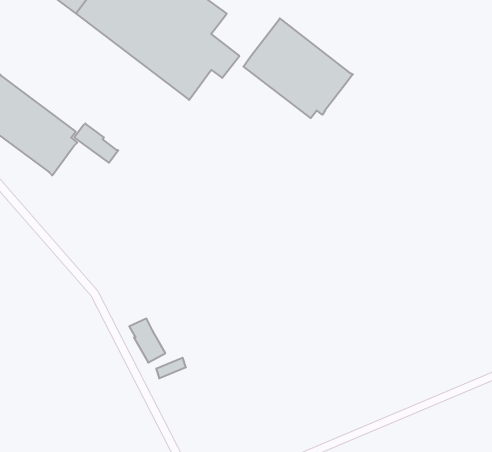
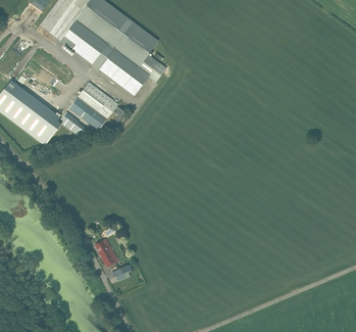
building: [243,18,353,118] -> none
building: none -> [69,82,125,130]

